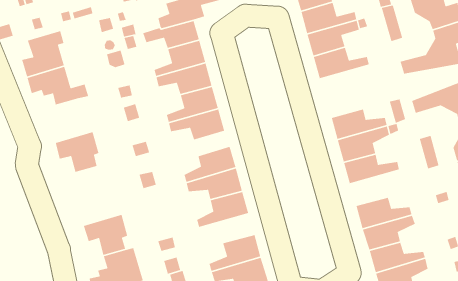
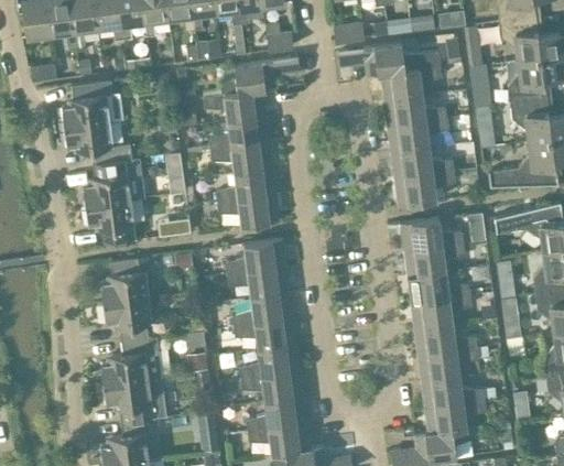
building: none -> [393,170,455,205]
building: none -> [83,160,130,205]
building: none -> [410,293,471,326]
building: none -> [100,258,149,303]
building: none -> [232,317,295,346]

